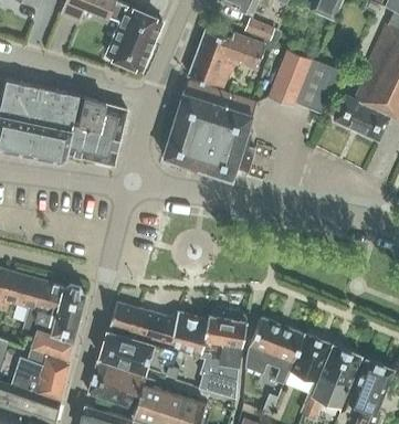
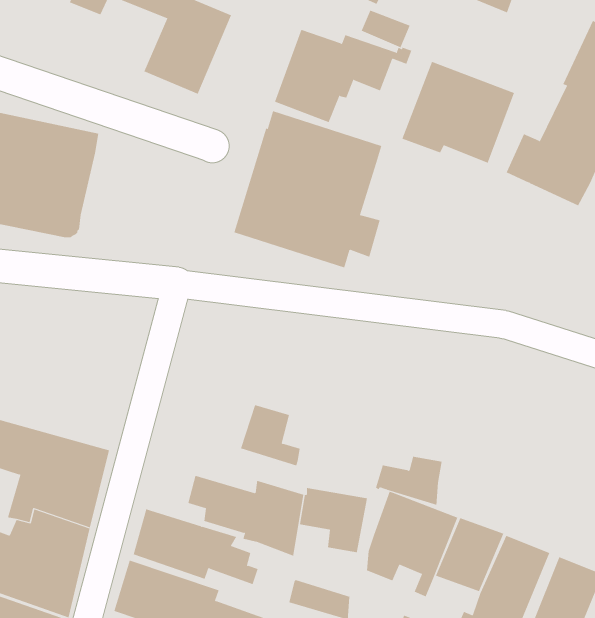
building: [67,98,126,165] -> none
building: [107,301,145,340] -> [240,404,300,466]
building: [198,353,240,384] -> [375,456,442,506]

